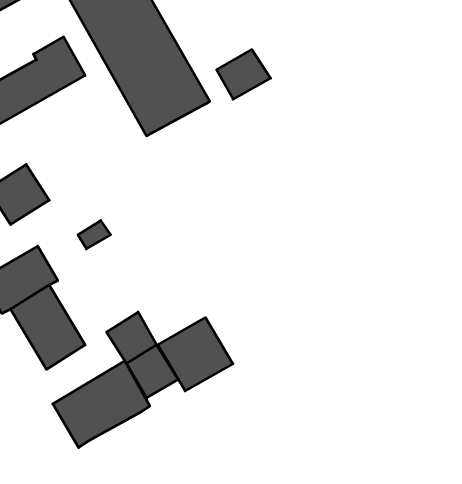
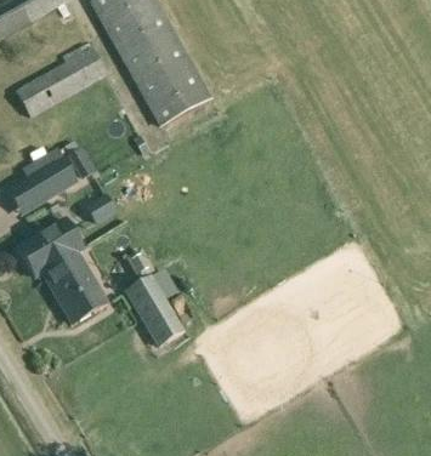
building: [217,50,271,99] -> none
building: [158,318,233,391] -> none
building: [53,361,150,448] -> none

